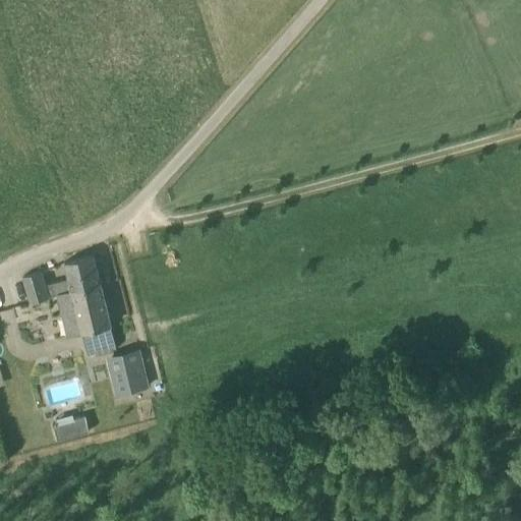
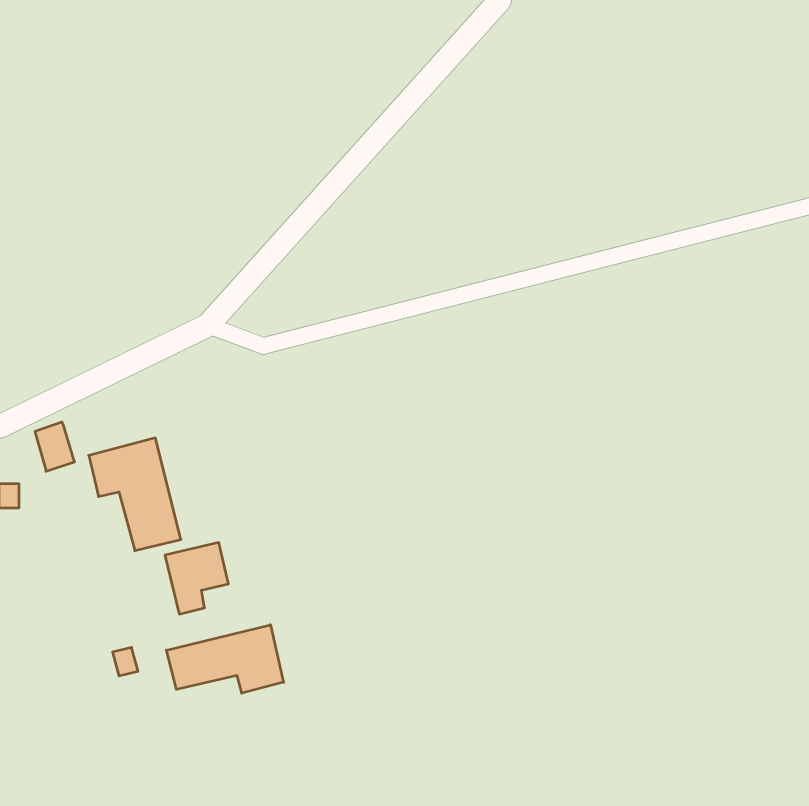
building: [58,257,100,294] -> none
building: none -> [166,625,284,693]

